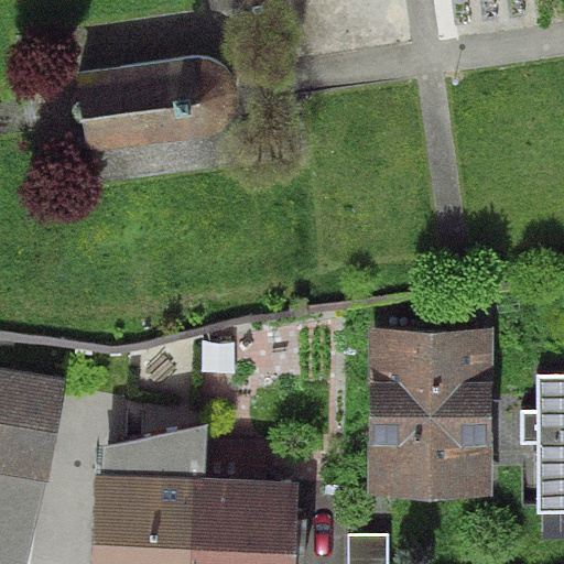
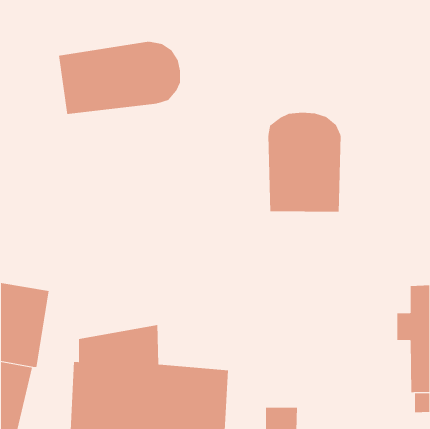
building: none -> [268,112,341,212]
building: [367,328,494,497] -> none

